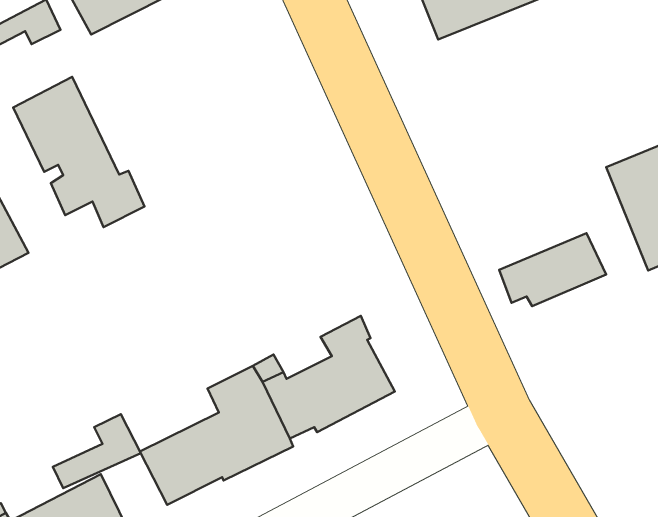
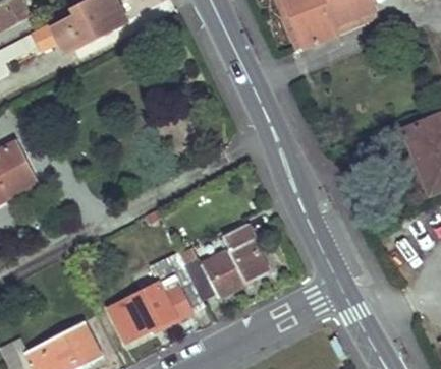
building: [13,77,145,227] -> none
building: [499,233,606,306] -> none
building: [53,414,141,488] -> none

